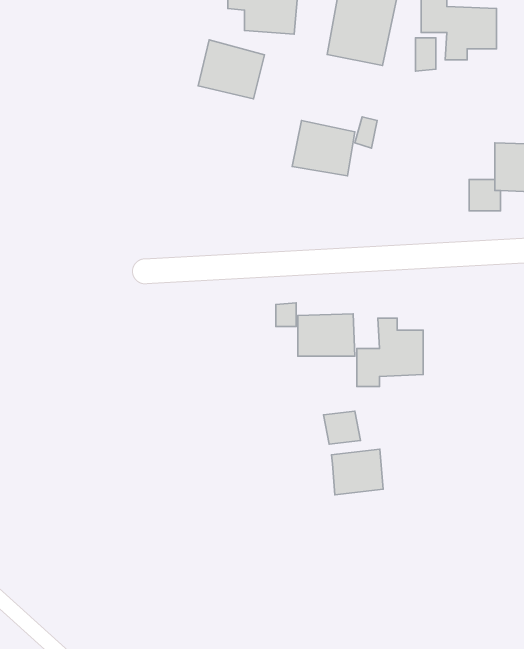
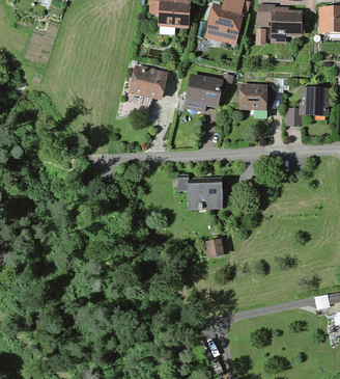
building: [198,40,265,99] -> [129,65,166,99]
building: none -> [239,85,265,108]
building: [357,318,423,387] -> none
building: [332,449,383,495] -> none

